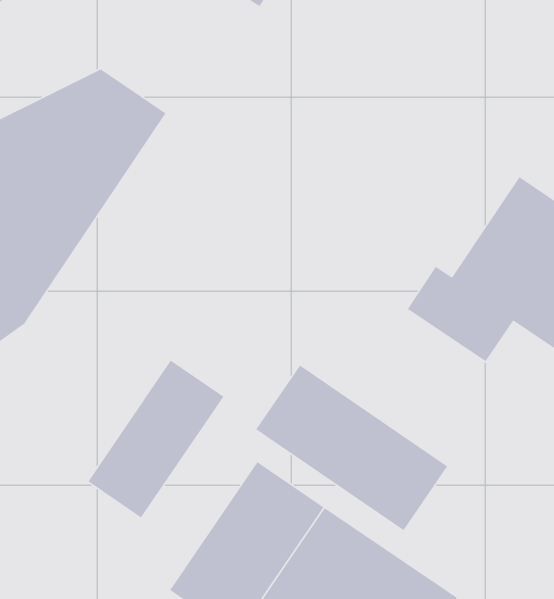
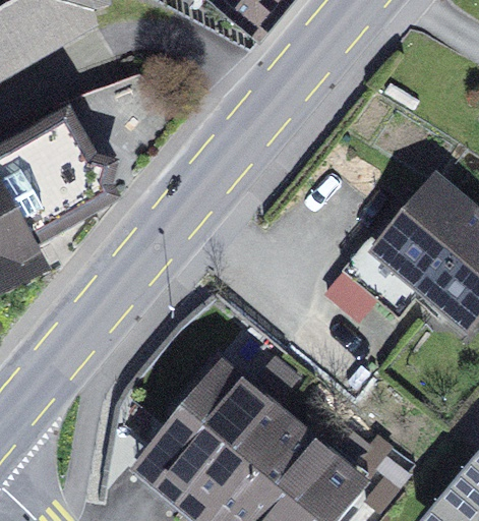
building: [87,359,224,518] -> none
building: [255,365,448,531] -> none

